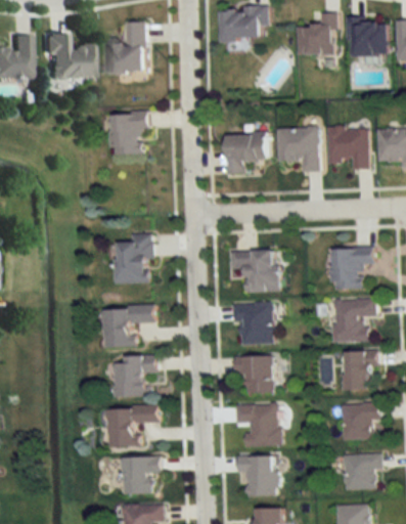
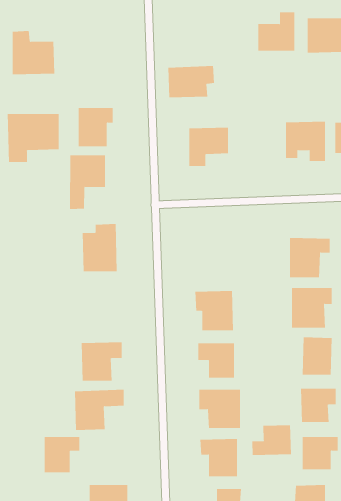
building: [219,6,268,40] -> [168,65,215,98]
building: [103,21,145,73] -> none
building: none -> [7,113,59,163]
building: [277,127,319,171] -> none
building: none -> [69,154,105,210]
building: [230,249,277,292] -> none
building: [102,305,155,347] -> none
building: none -> [252,425,291,456]
building: [123,456,161,494] -> [44,436,80,473]

